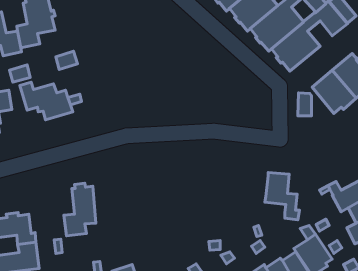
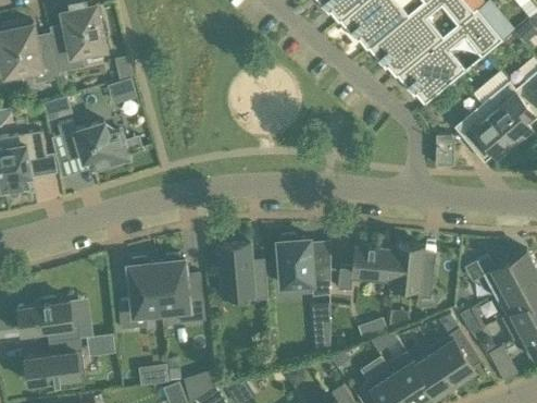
building: none -> [277,235,330,297]
building: none -> [217,244,267,301]
building: none -> [337,245,395,291]
building: none -> [157,255,205,323]

